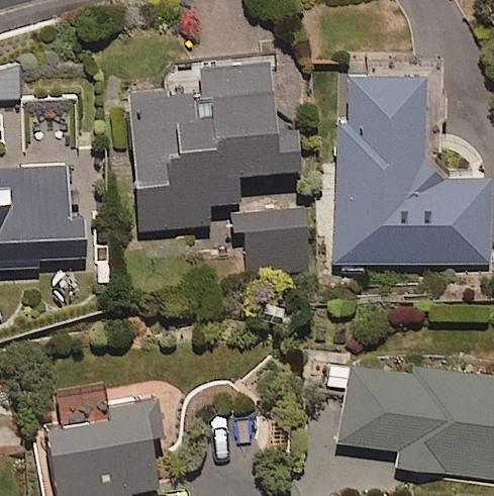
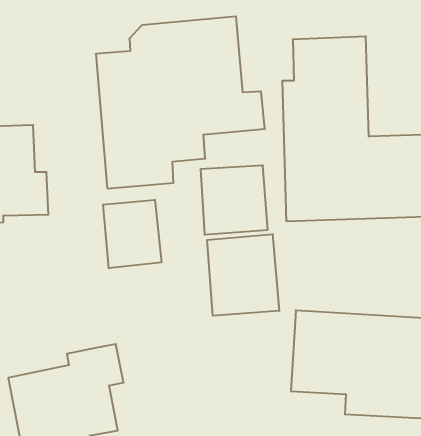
building: none -> [103,200,161,268]
building: none -> [207,234,279,316]

